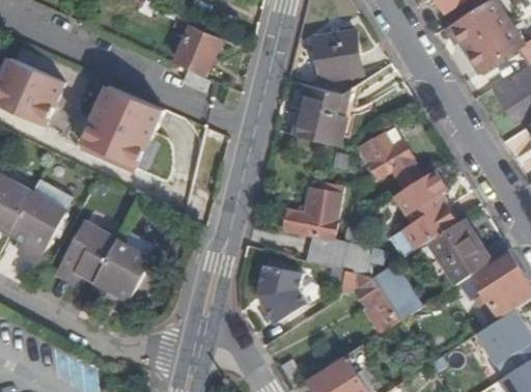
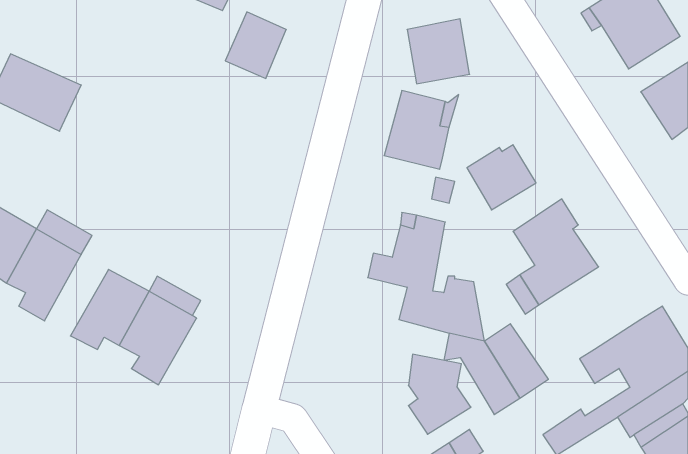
building: [81,86,163,171] -> none
building: [428,218,492,284] -> none
building: [260,265,308,327] -> [408,354,471,434]

